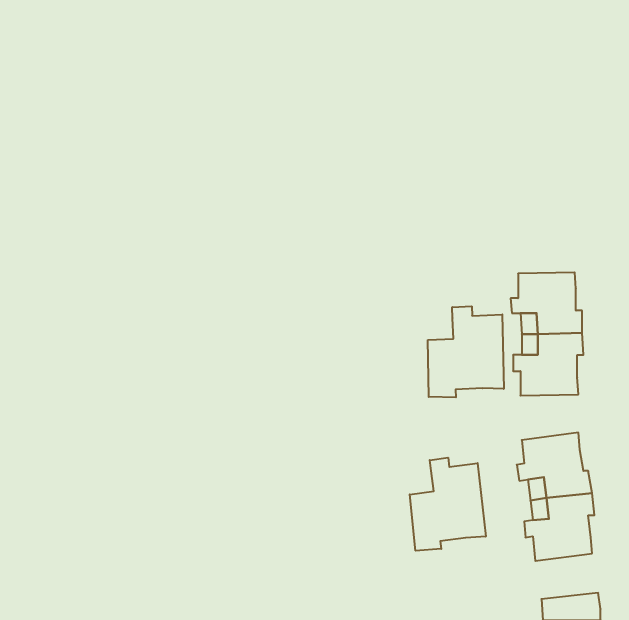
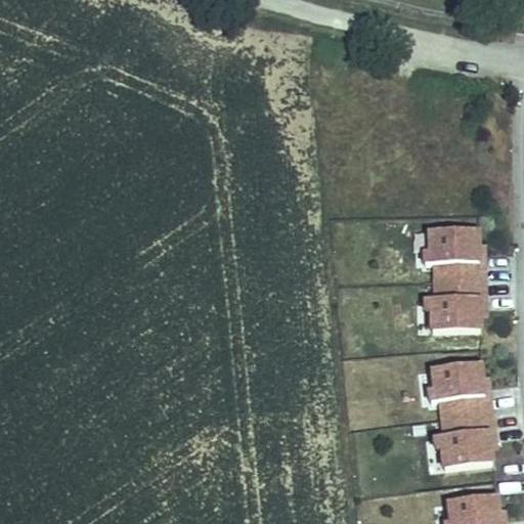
building: [428,306,504,397] -> none
building: [410,458,486,551] -> none

